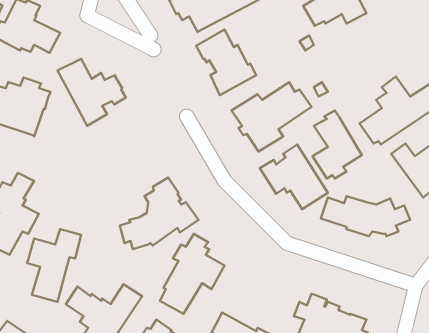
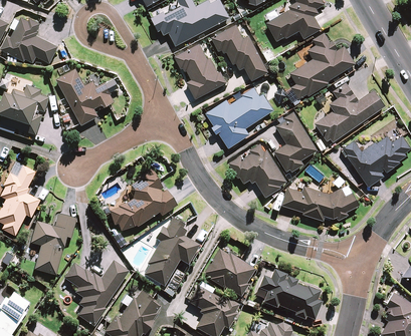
building: none -> [211,24,268,80]
building: none -> [289,32,355,99]
building: none -> [203,249,255,297]

